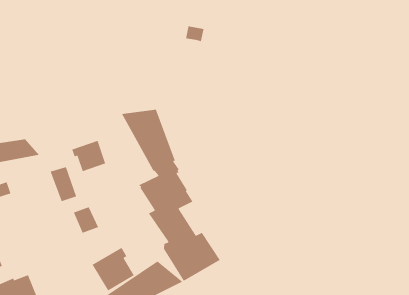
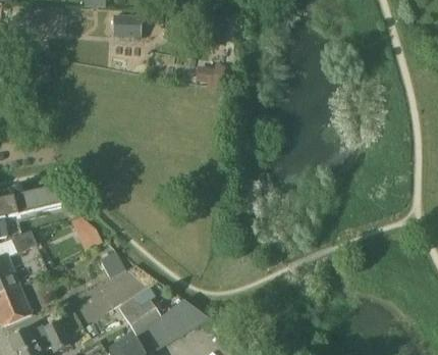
building: [121,109,221,282] -> none
building: [71,140,106,172] -> none

